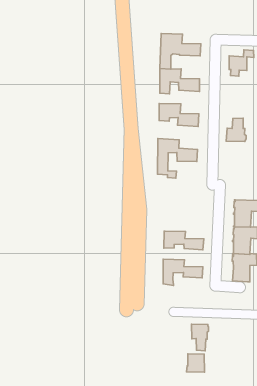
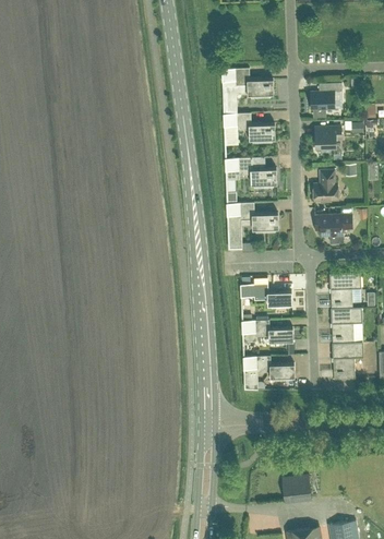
building: none -> [315,125,341,152]
building: none -> [315,213,348,242]
building: none -> [241,283,292,304]
building: [191,324,209,351] -> none

